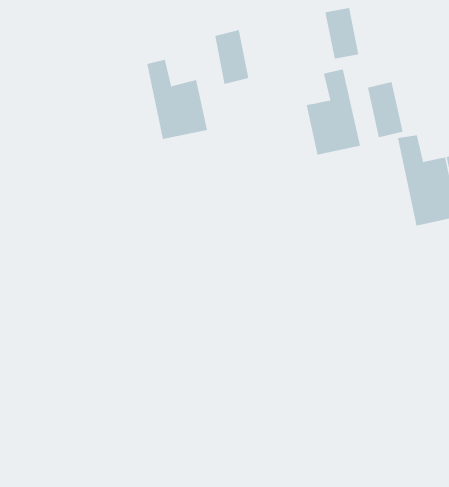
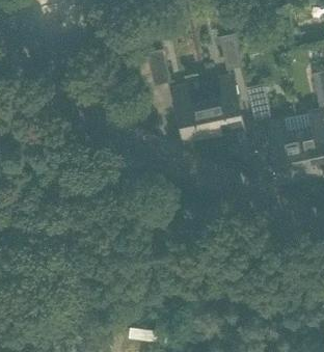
building: [147,59,208,139] -> [176,84,216,137]

